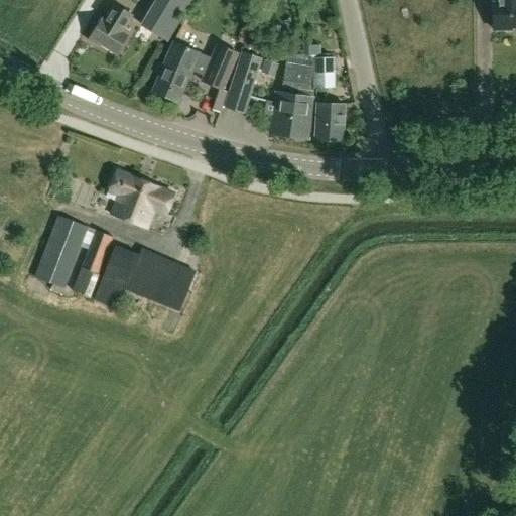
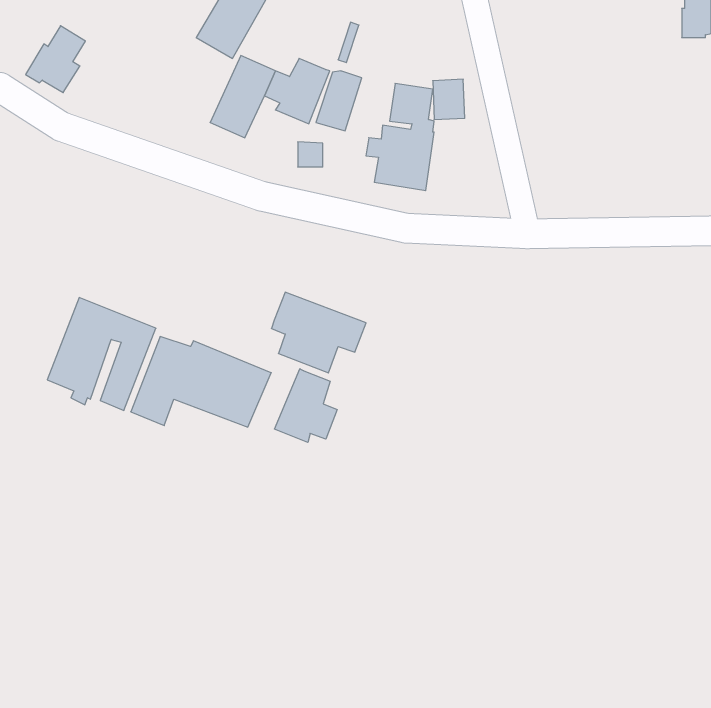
building: [89,4,132,52] -> [26,26,85,93]
building: [314,102,345,139] -> none
building: [106,169,174,228] -> [271,292,366,373]
building: none -> [274,369,337,442]

